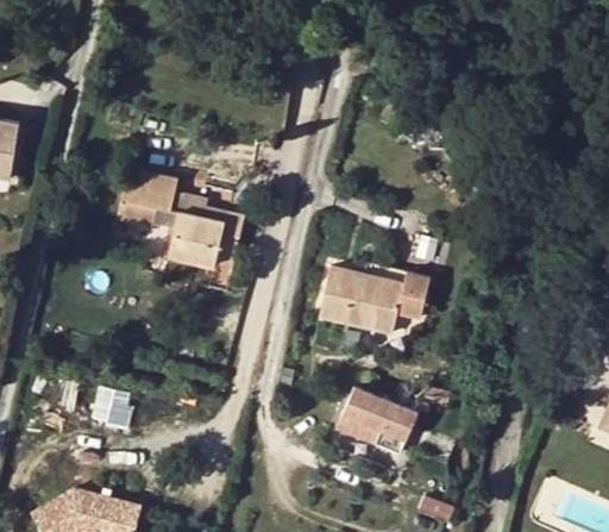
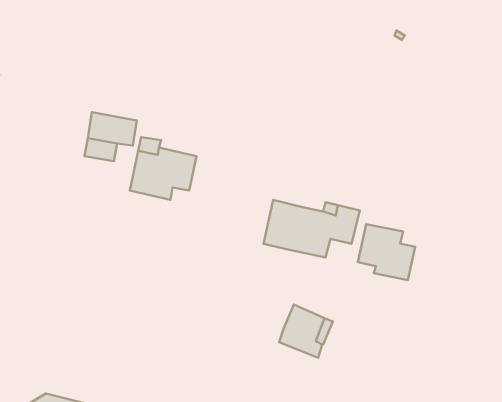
building: none -> [358,224,415,280]
building: [95,381,138,425] -> none

